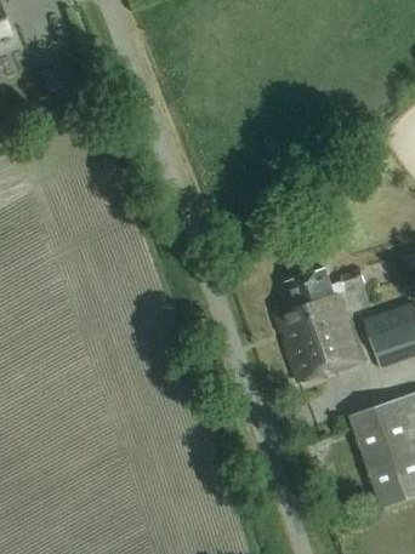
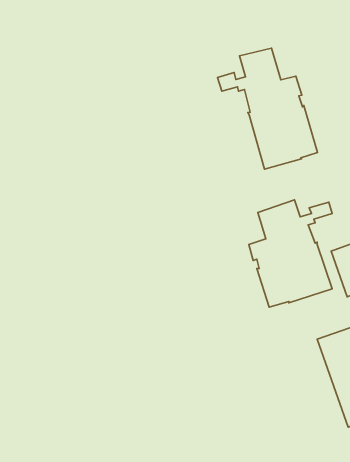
building: none -> [218,48,317,169]

